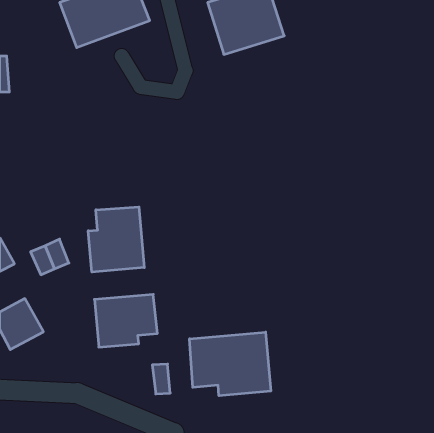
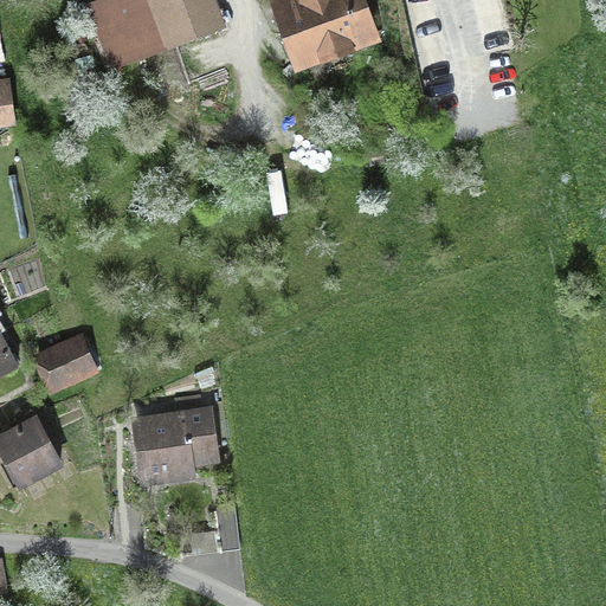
building: [88,207,144,272] -> none
building: [190,332,271,396] -> none

